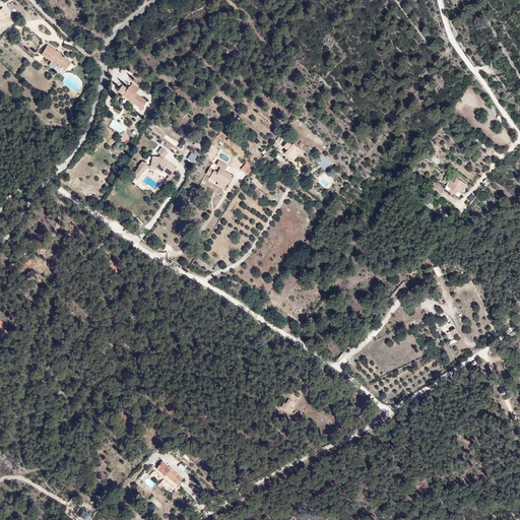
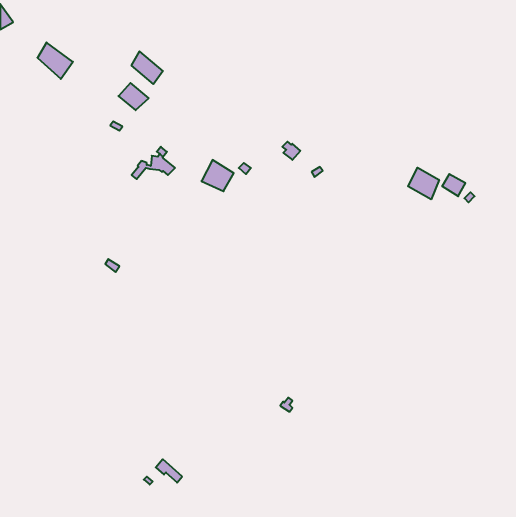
building: none -> [132,51,163,84]
building: none -> [408,168,439,199]

